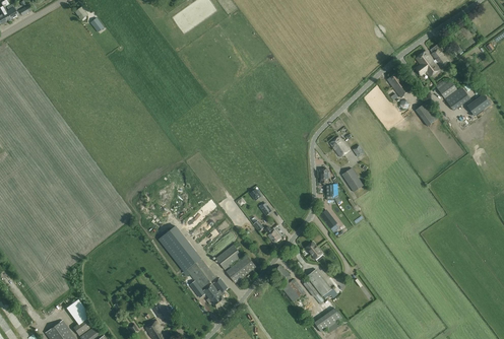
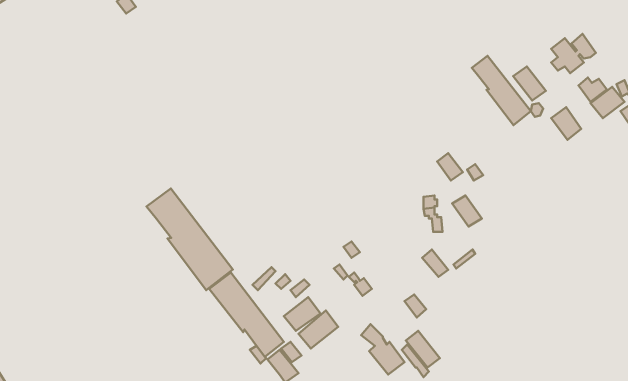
building: none -> [472,56,531,125]
building: none -> [147,188,233,290]

